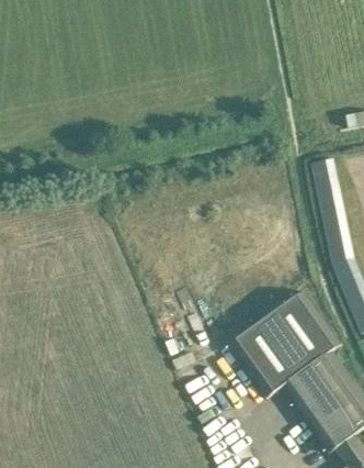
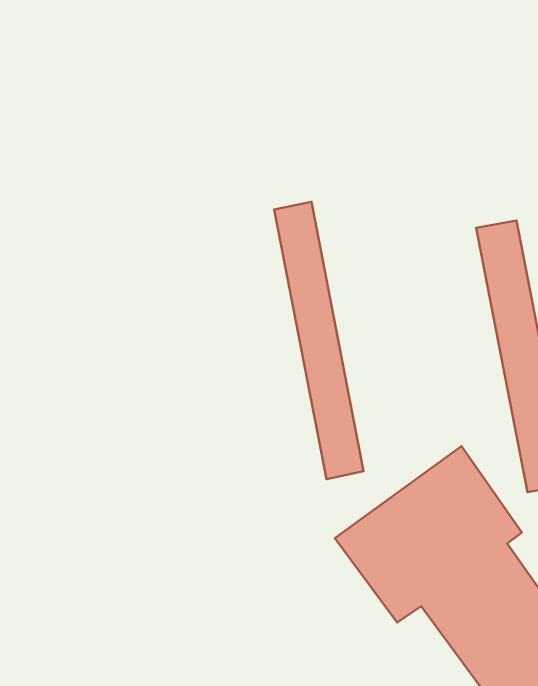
building: none -> [274,202,364,479]

